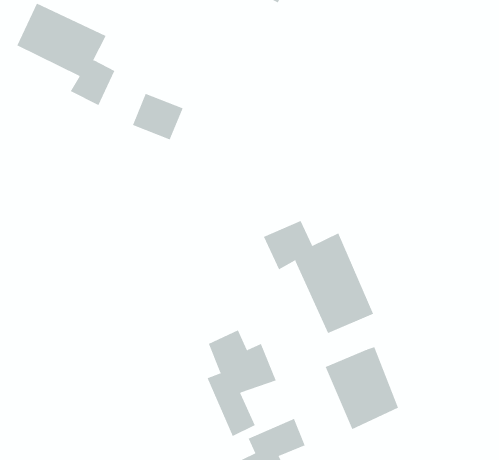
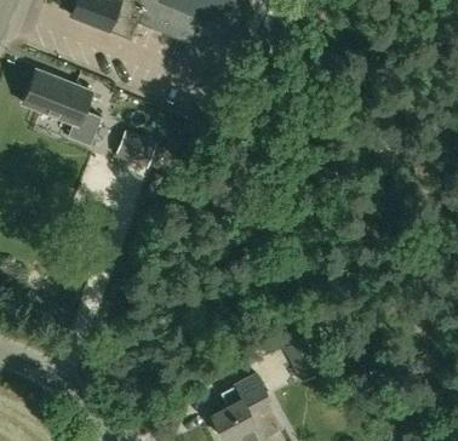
building: [263,220,374,334] -> none
building: [207,330,277,437] -> none

